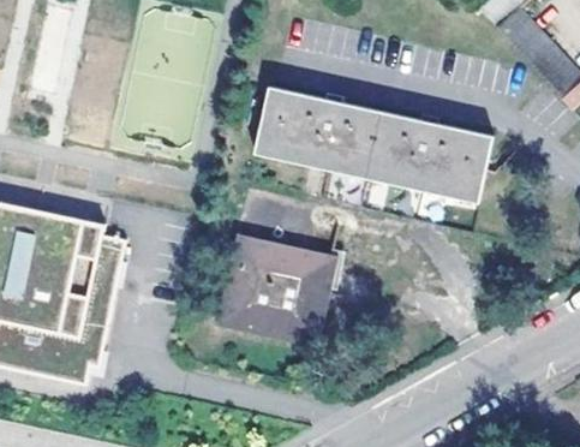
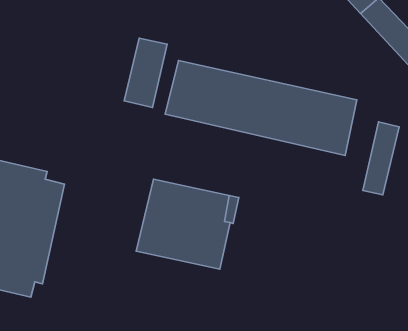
building: none -> [124,38,167,107]
building: none -> [363,122,399,195]

